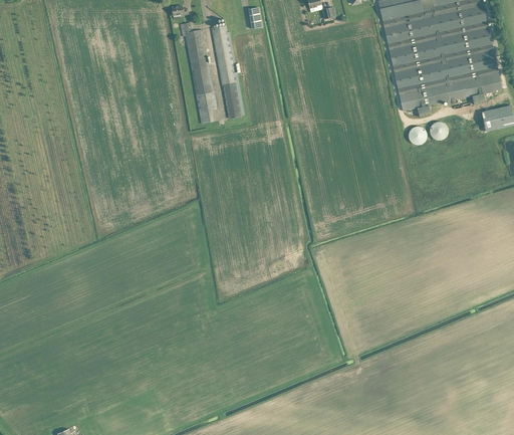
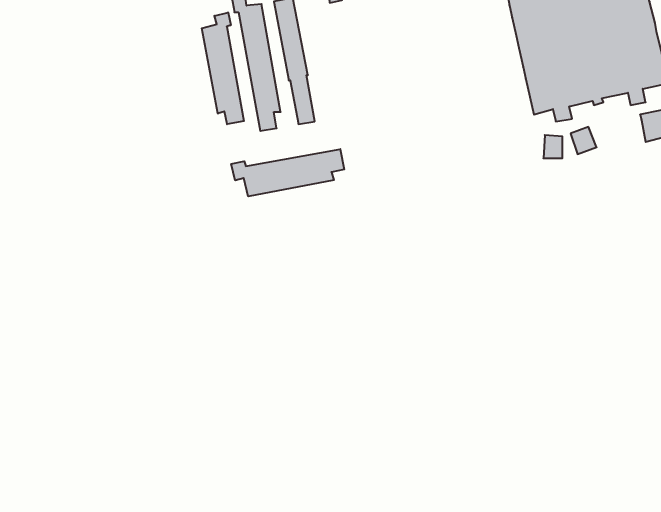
building: none -> [202,12,244,124]
building: none -> [231,149,344,196]

